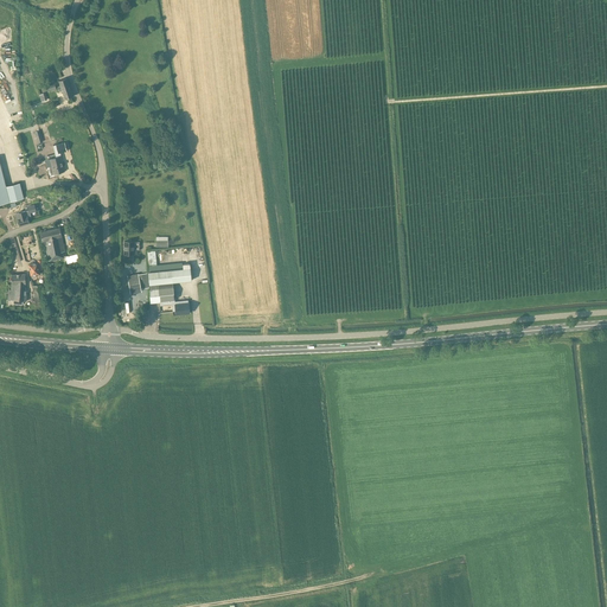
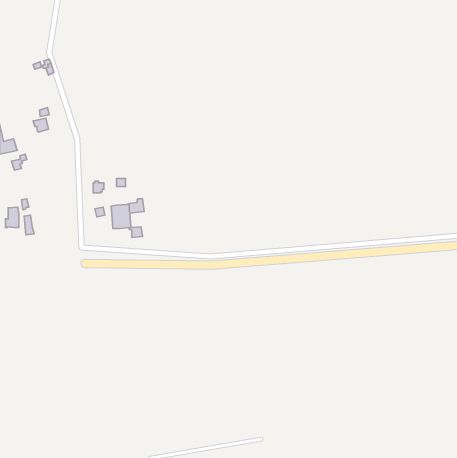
building: [39,228,64,261] -> none

